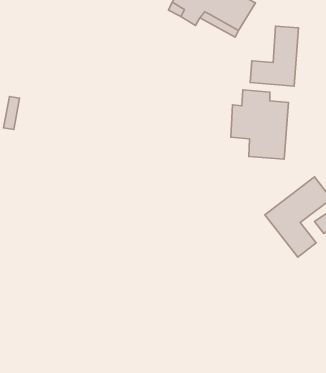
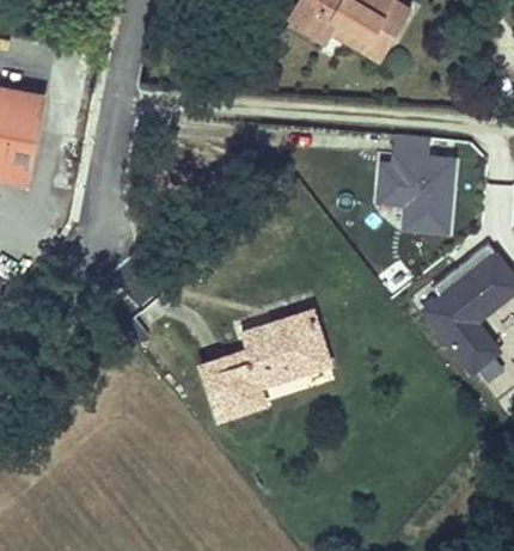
building: [250,26,298,86] -> none
building: none -> [202,314,325,416]

